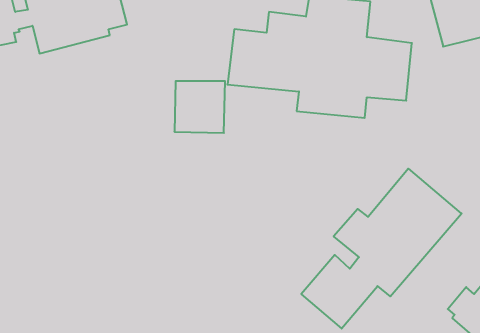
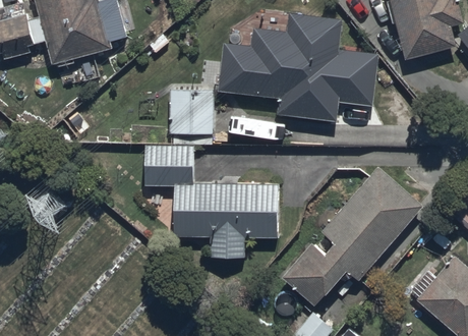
building: none -> [143,146,279,258]

